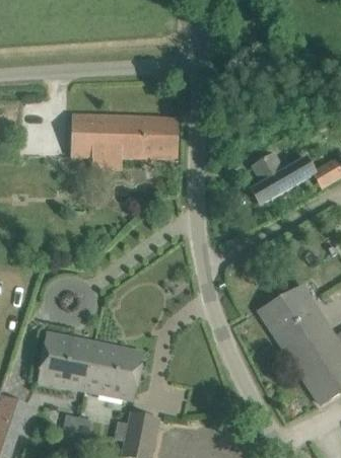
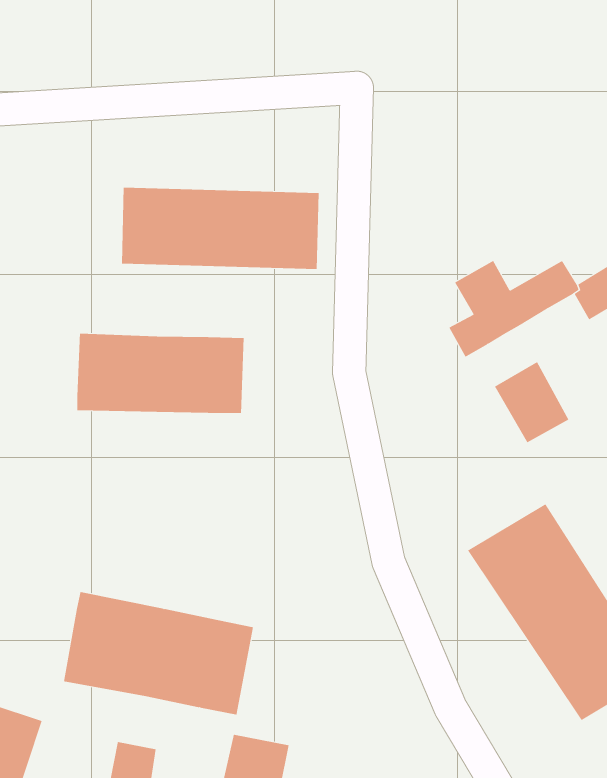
building: none -> [77,333,244,414]
building: none -> [494,361,569,443]

